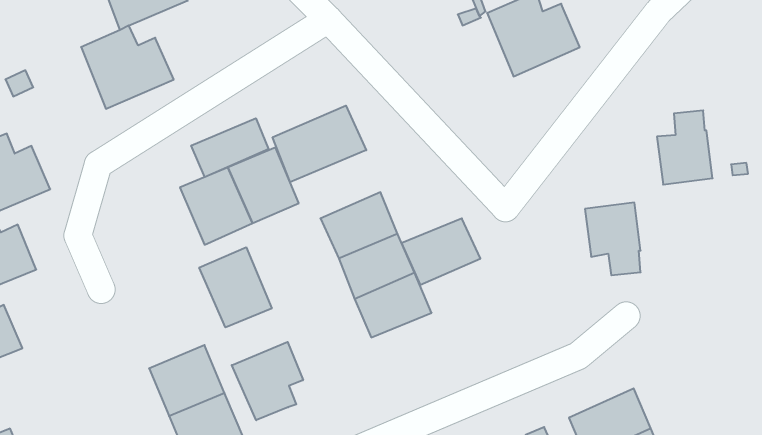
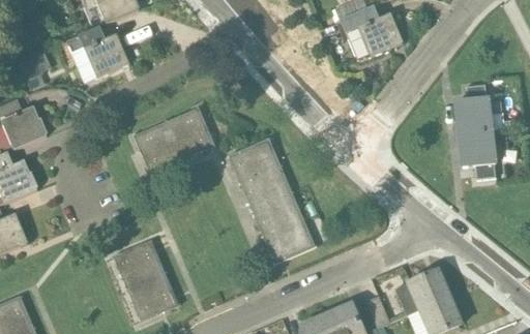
building: [273,106,366,182] -> none
building: [191,118,268,177] -> none
building: [585,203,641,275] -> [459,129,496,178]
building: [402,218,480,285] -> [263,219,316,264]
building: [199,247,272,327] -> none
building: [232,342,303,420] -> none

